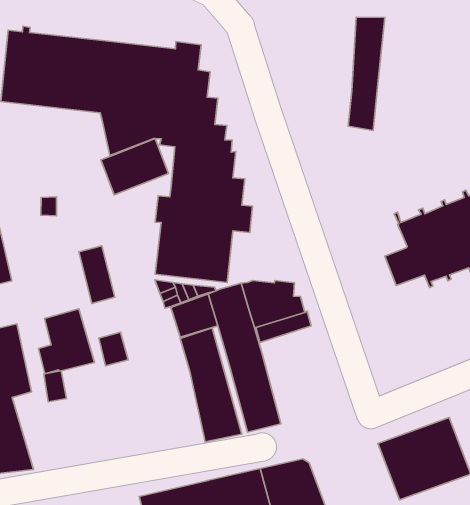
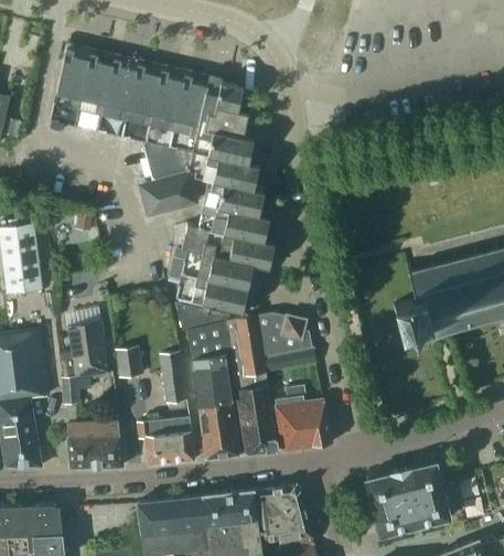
building: [348,17,385,130] -> none
building: [79,246,115,303] -> [158,351,186,404]
building: none -> [275,386,332,450]
building: none -> [137,414,194,466]
building: none -> [66,421,122,468]

